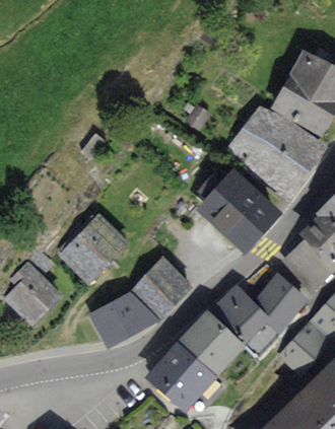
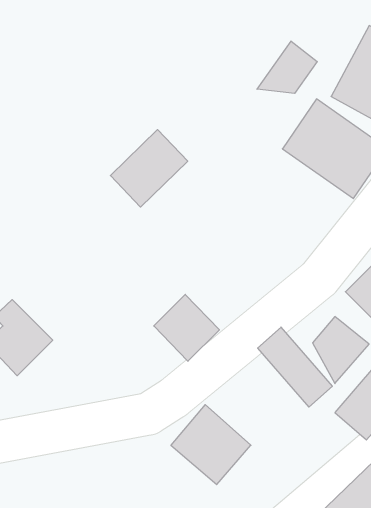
building: none -> [257,41,317,93]
building: [201,173,275,246] -> none
building: [63,219,123,279] -> [110,130,188,207]
building: [93,293,148,343] -> none
building: [180,311,242,373] -> none

